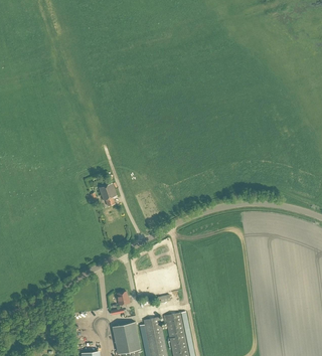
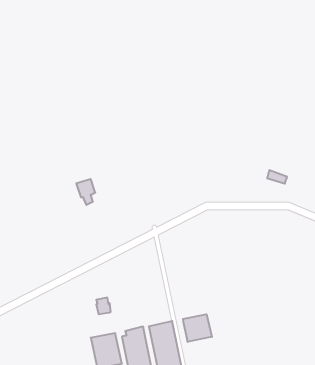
building: none -> [183,314,212,342]

